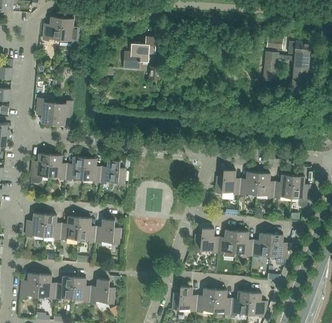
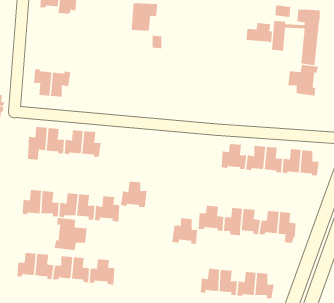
building: none -> [246,22,273,43]
building: none -> [288,64,318,96]
building: [99,159,125,184] -> [120,181,148,207]
building: none -> [54,217,87,251]
building: [171,286,196,311] -> [172,218,198,244]

